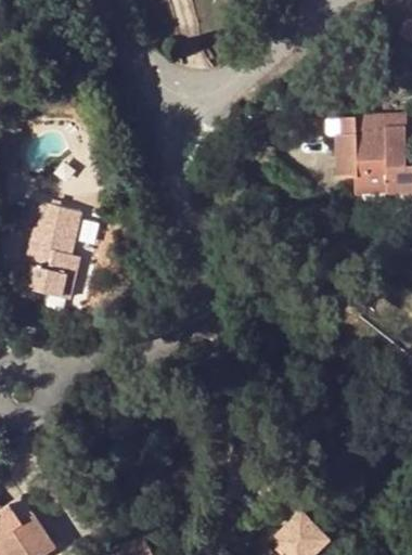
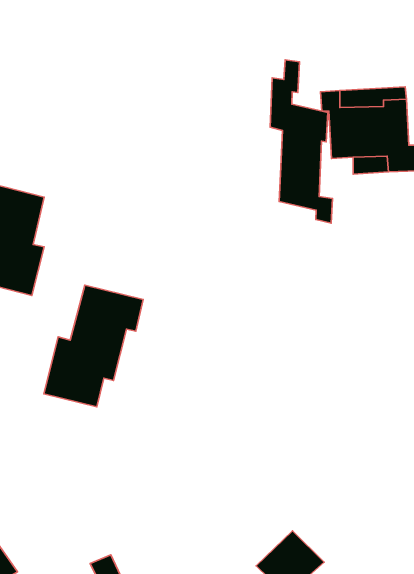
building: none -> [270,60,333,223]
building: none -> [44,285,143,407]

